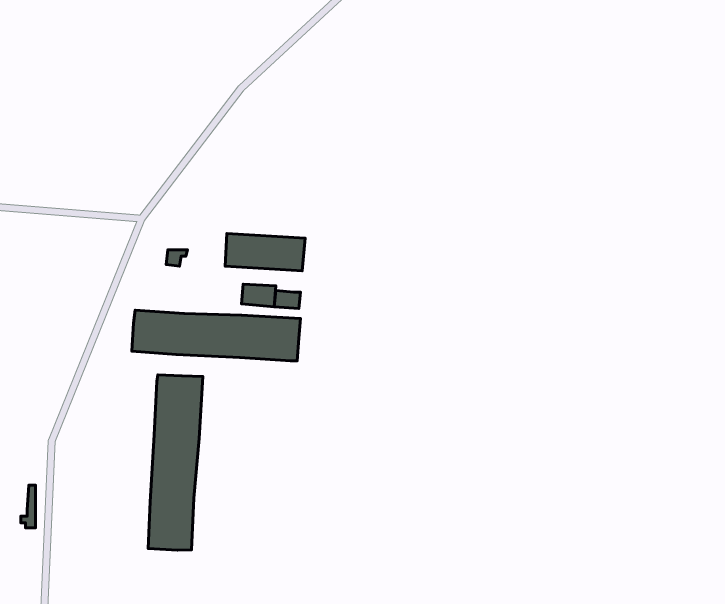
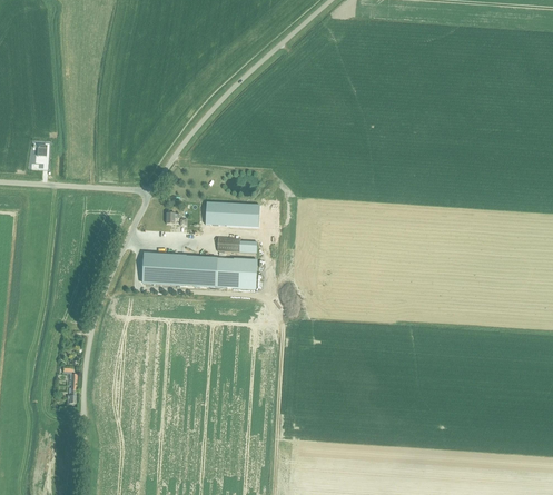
building: [148,375,203,550] -> none

